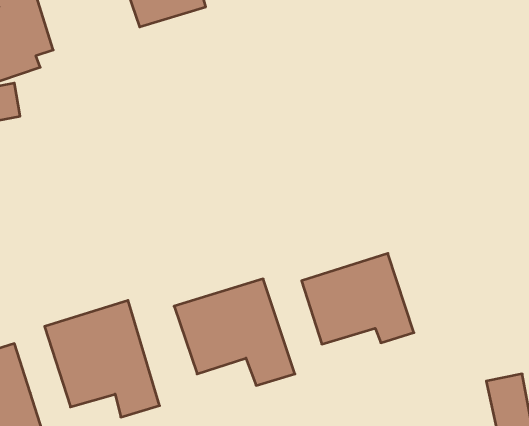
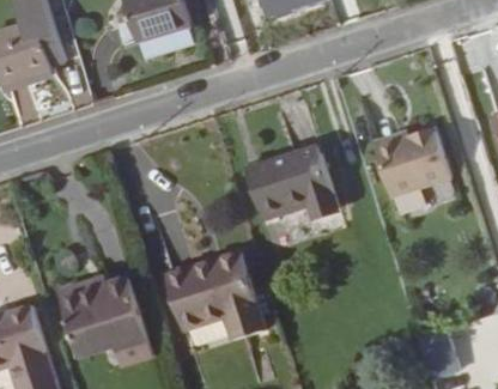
building: none -> [375,127,450,196]
building: [302,253,414,344] -> [245,145,339,220]

